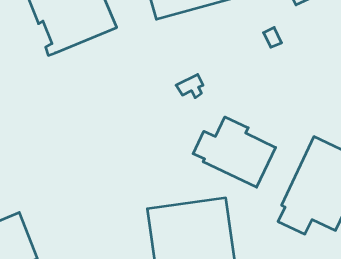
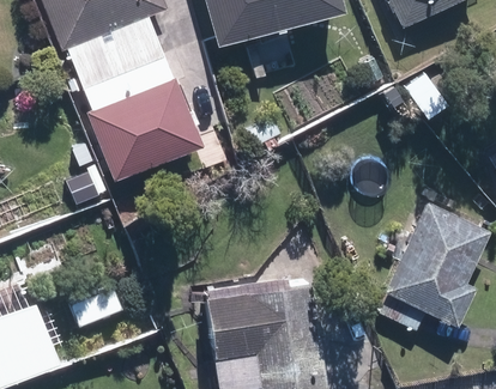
building: none -> [84,56,200,180]
building: [193,117,276,187] -> none

